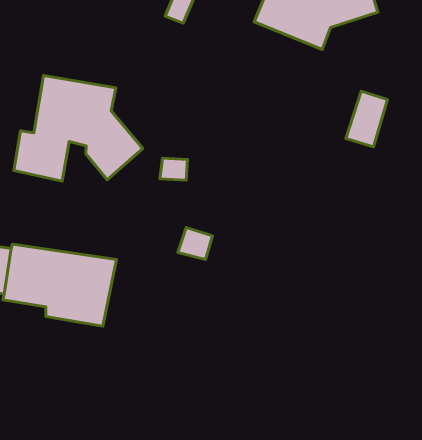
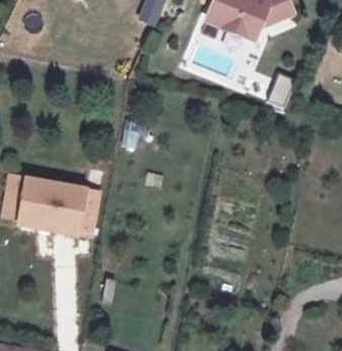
building: [14,75,143,181] -> none

